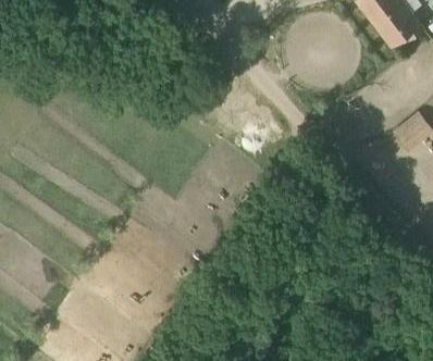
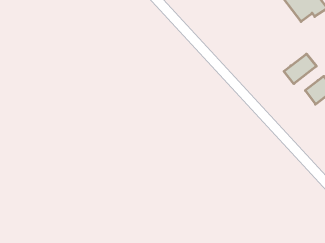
building: none -> [284,54,316,84]

